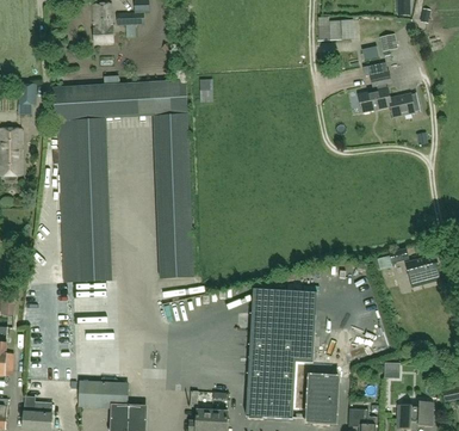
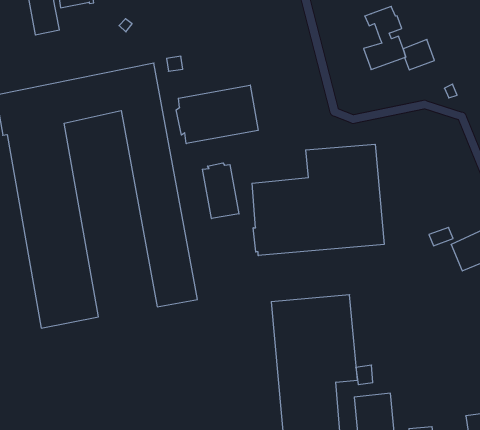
building: none -> [176,85,258,144]
building: none -> [252,144,384,256]
building: none -> [202,163,239,219]

